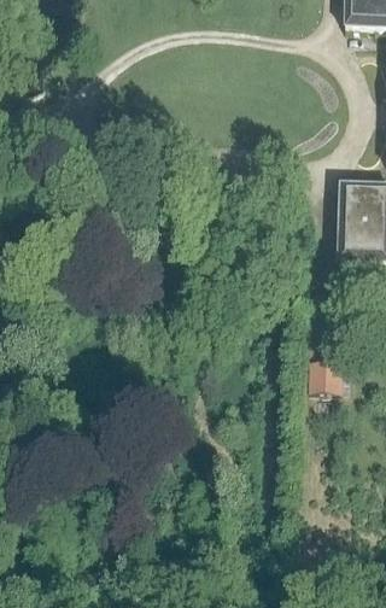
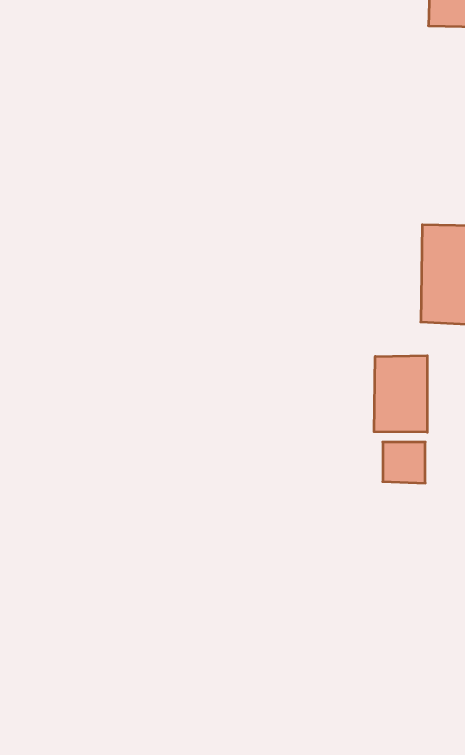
building: none -> [374,356,427,432]

